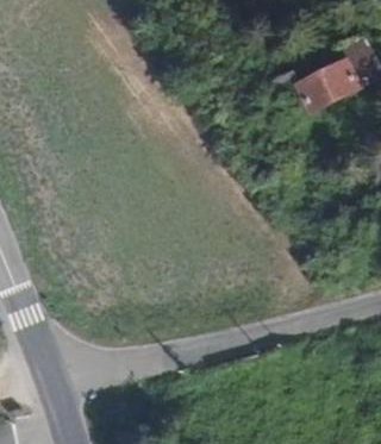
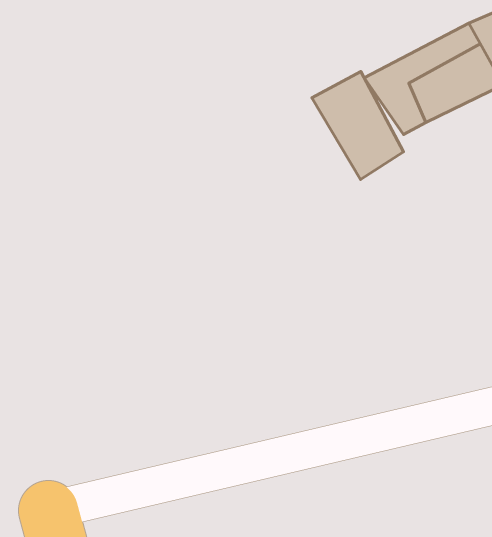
building: none -> [312,71,403,180]

